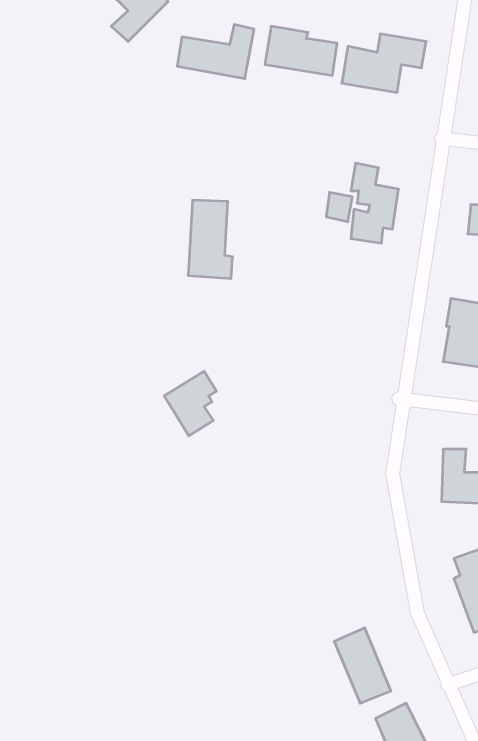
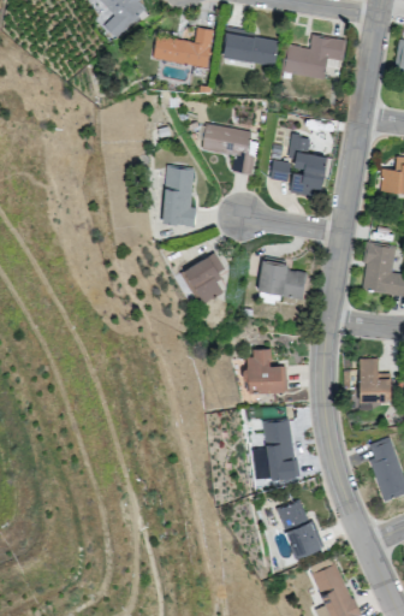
building: none -> [198,124,257,177]
building: none -> [256,260,307,300]
building: [164,371,216,436] -> [183,254,224,304]
building: none -> [242,349,289,395]
building: none -> [262,420,299,481]

